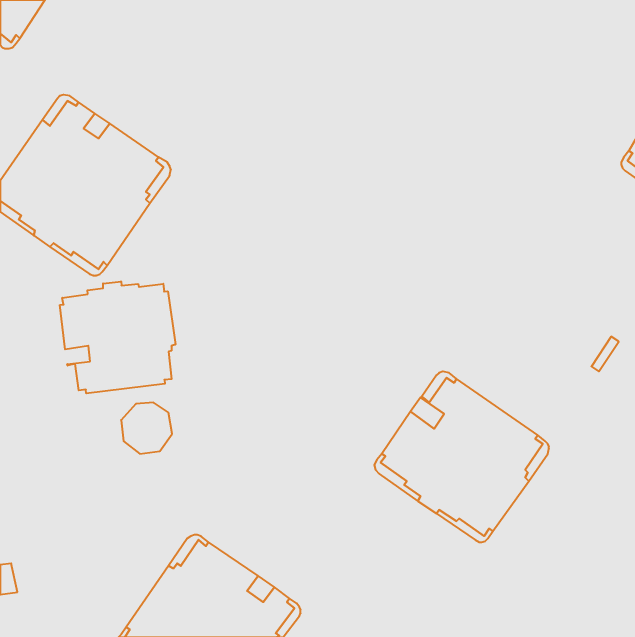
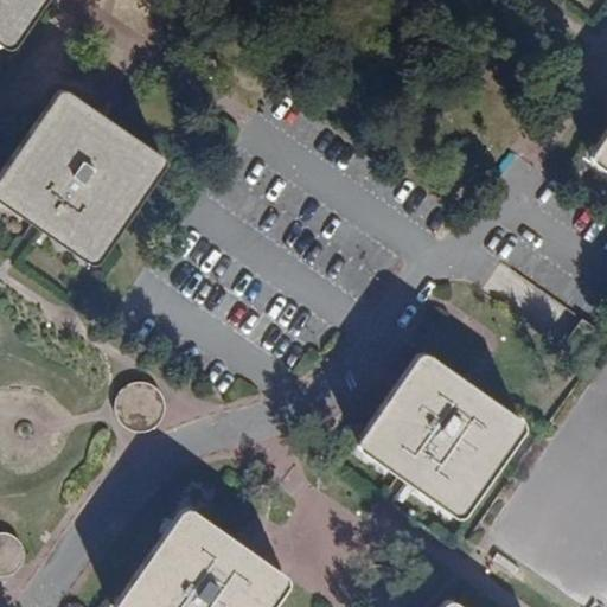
building: [60,281,175,393] -> none

